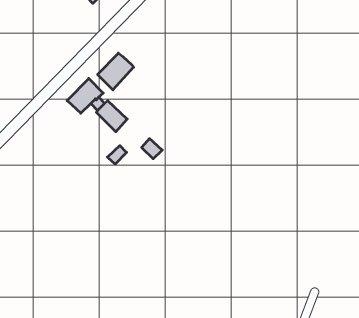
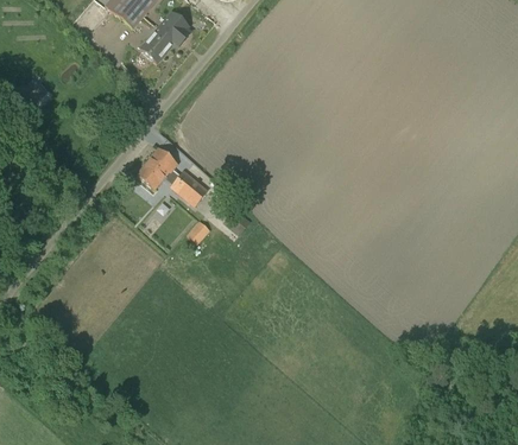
building: [98,53,134,90] -> none

